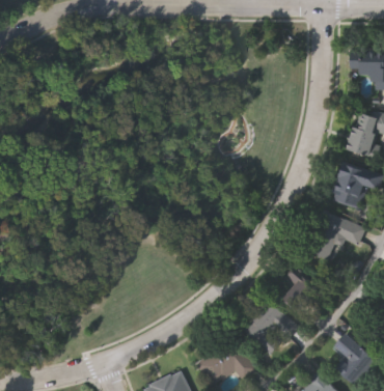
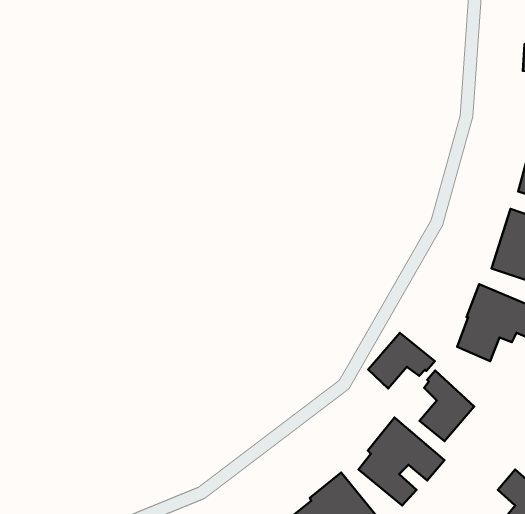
building: none -> [368,333,435,388]

